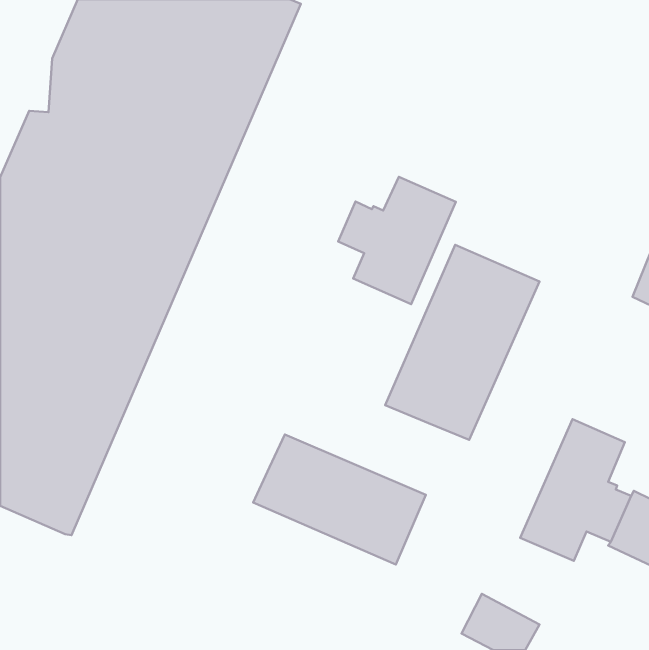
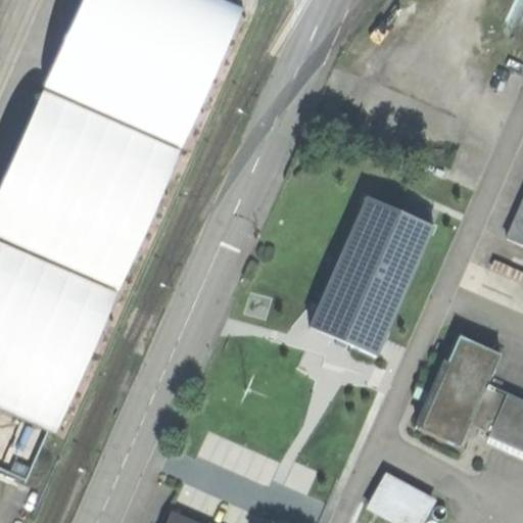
building: [338,177,456,304] -> none
building: [253,434,426,565] -> none

